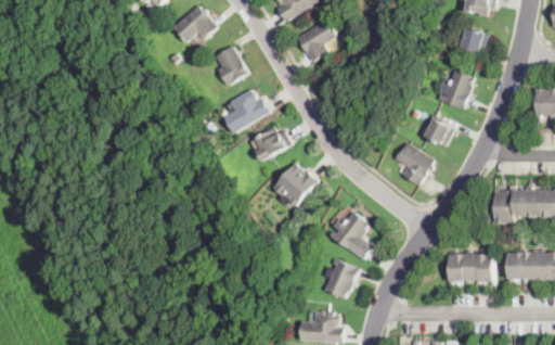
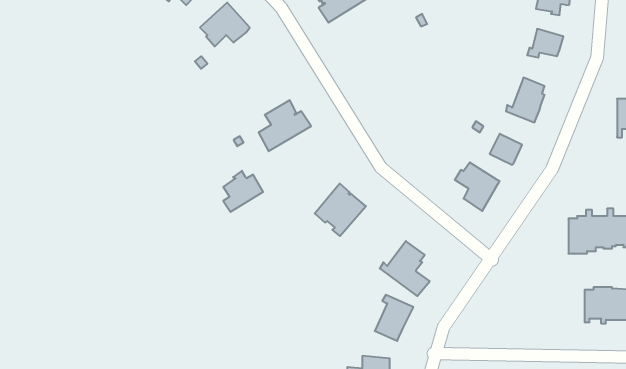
building: [297,20,337,62] -> none
building: [216,46,248,86] -> none
building: [256,125,291,161] -> [223,171,263,212]
building: [449,254,493,285] -> none

